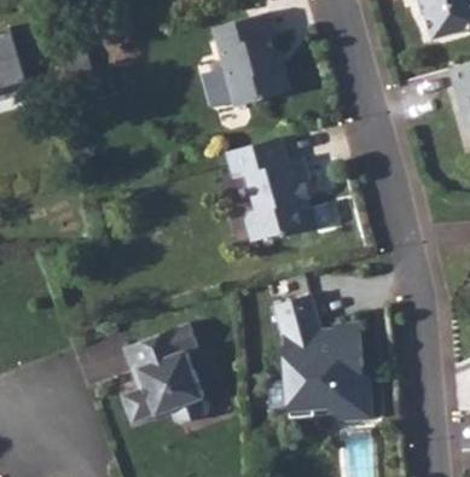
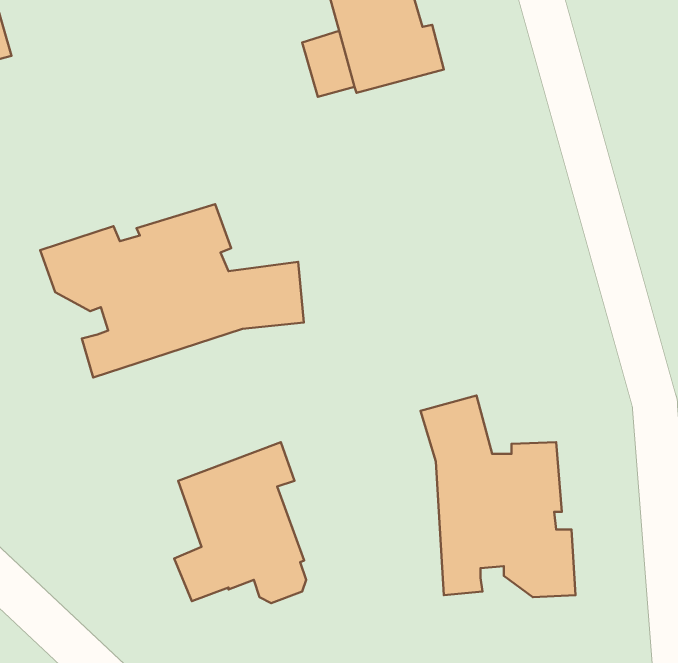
building: [225,138,314,243] -> none
building: none -> [40,204,304,378]

